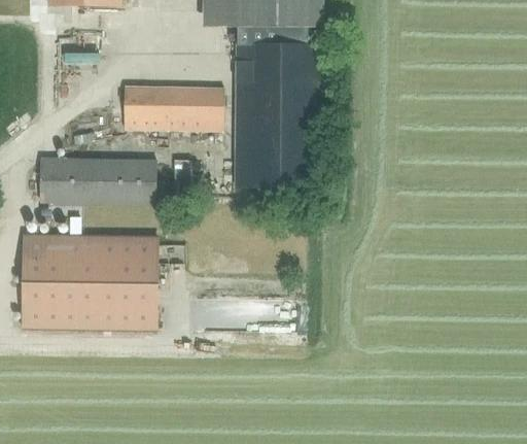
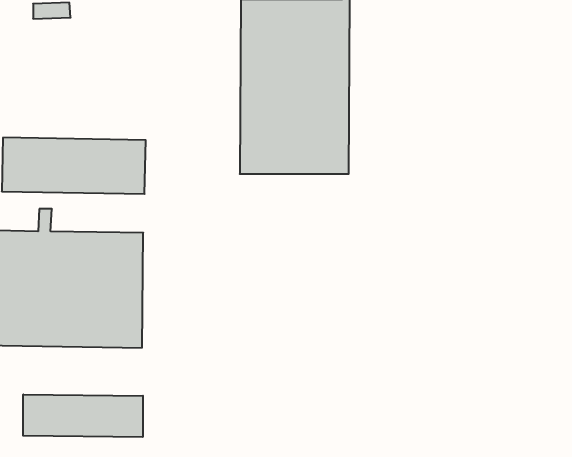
building: [122,86,223,131] -> none
building: none -> [23,394,143,437]

